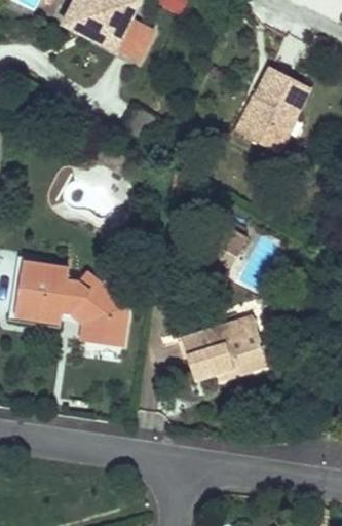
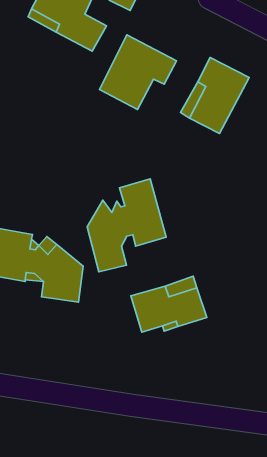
building: none -> [100,35,176,109]
building: none -> [87,179,166,272]

